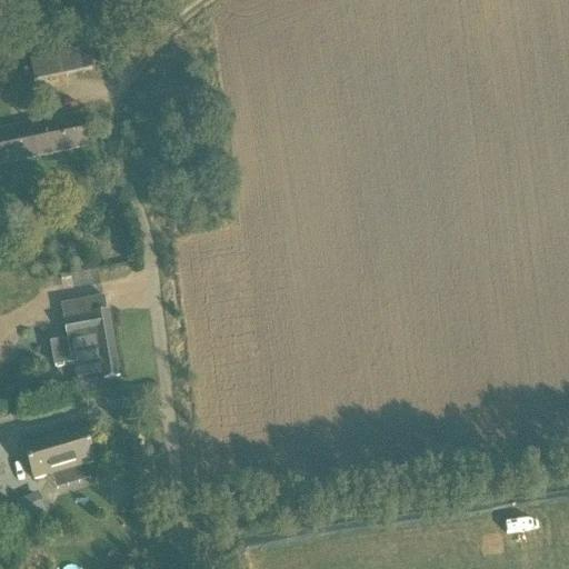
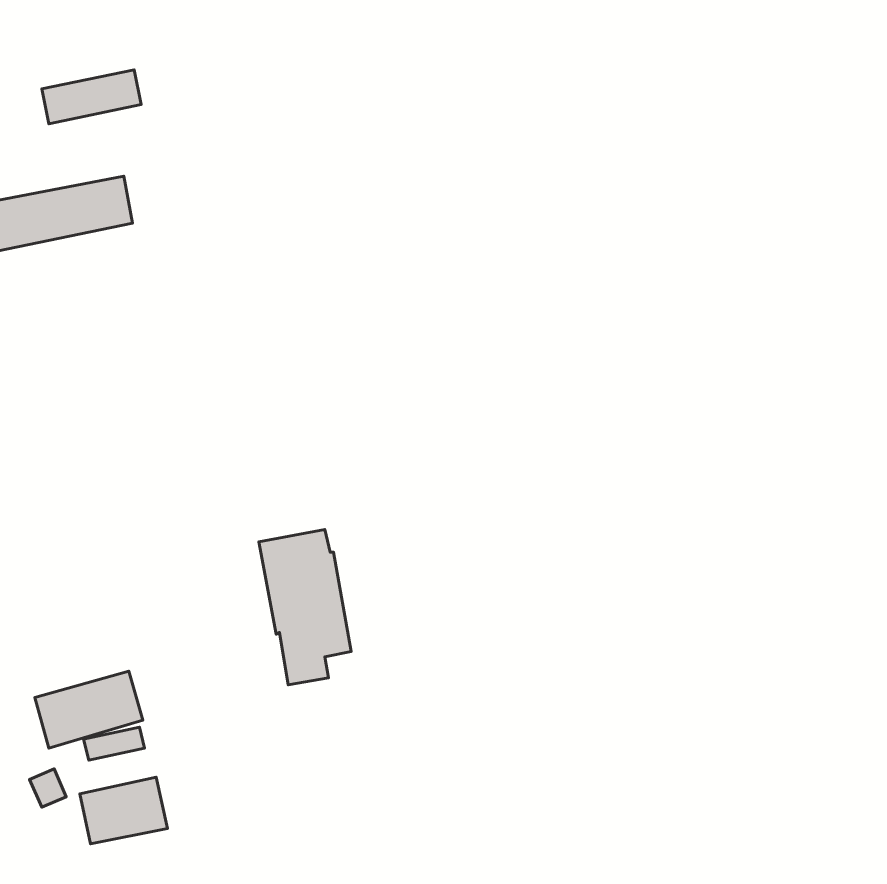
building: [59,295,118,393] -> [259,530,351,685]
building: none -> [80,777,168,844]

